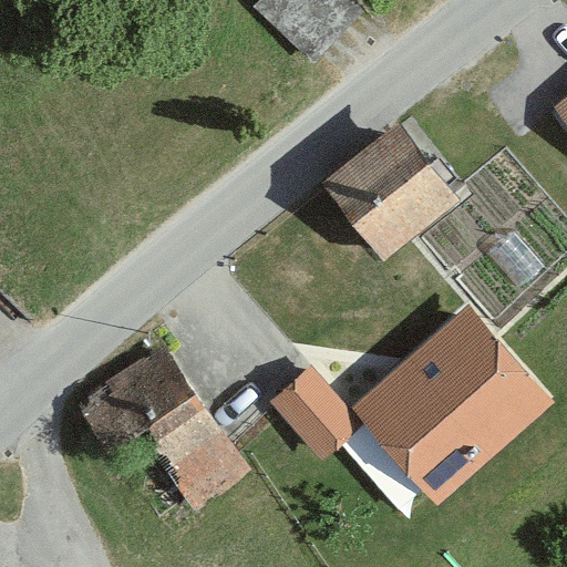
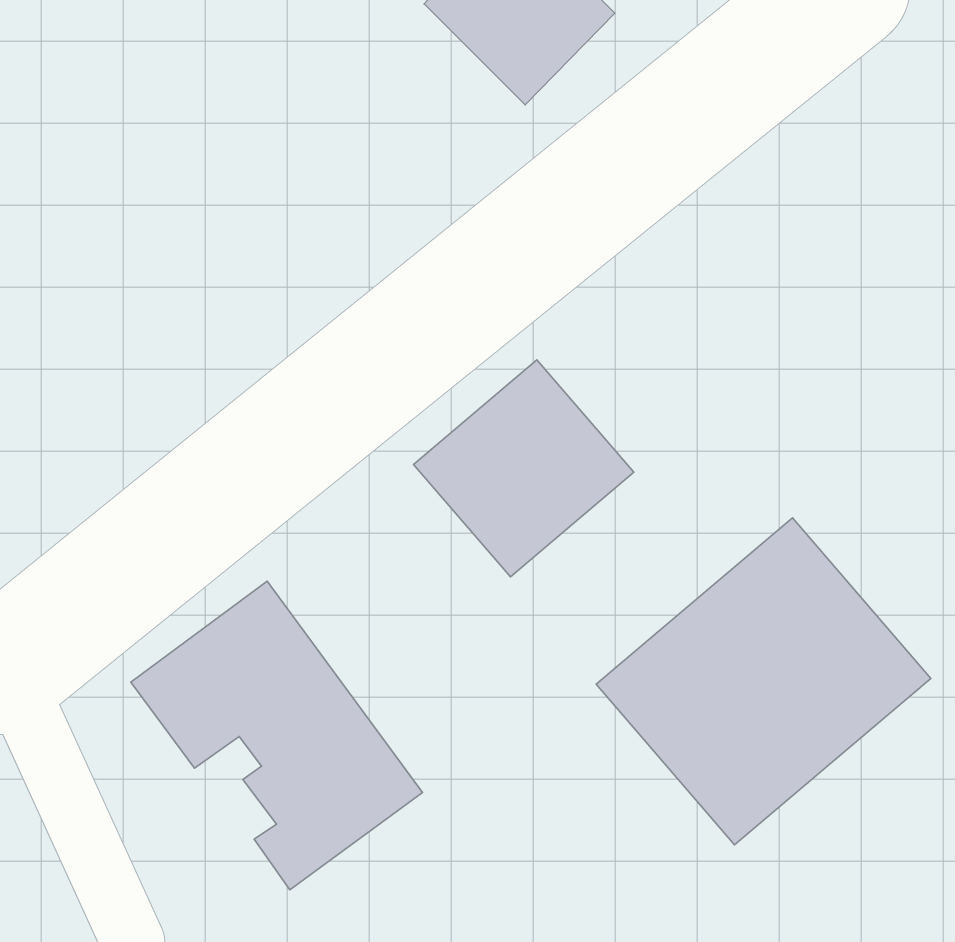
building: [323,122,454,250] -> [413,360,634,577]
building: [267,365,358,456] -> none

